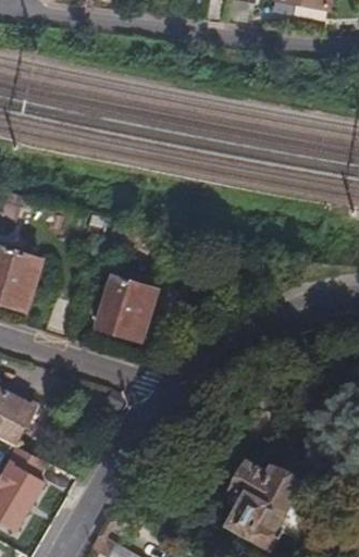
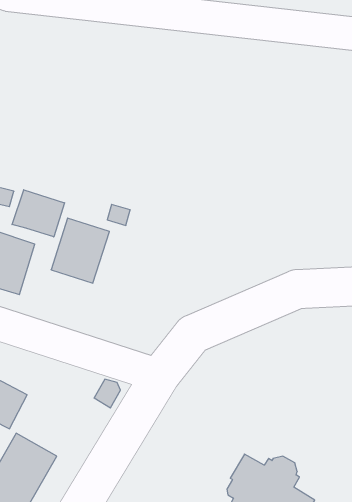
building: none -> [12,190,65,237]
building: [95,275,152,339] -> [51,218,109,283]

